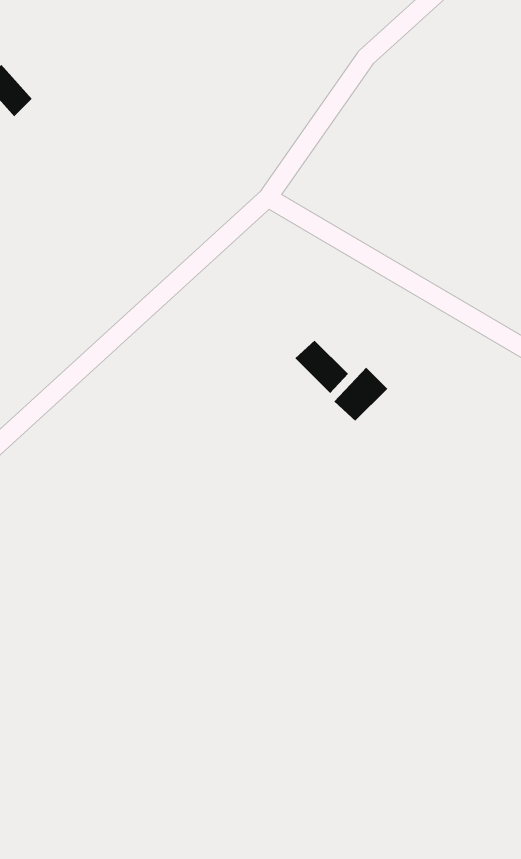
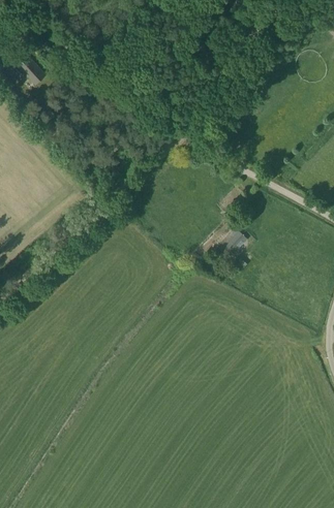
building: [294,340,349,394] -> none

